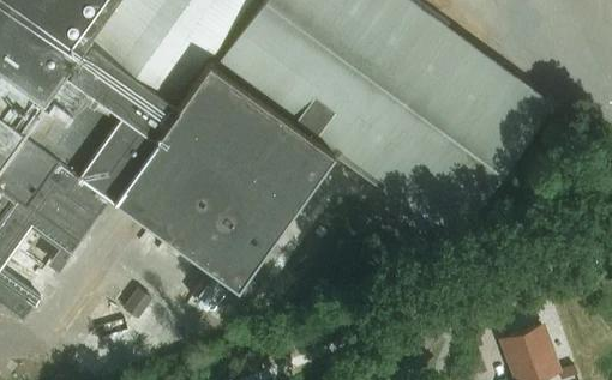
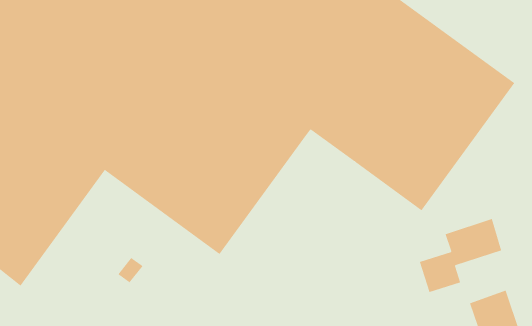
building: none -> [419,218,502,293]

